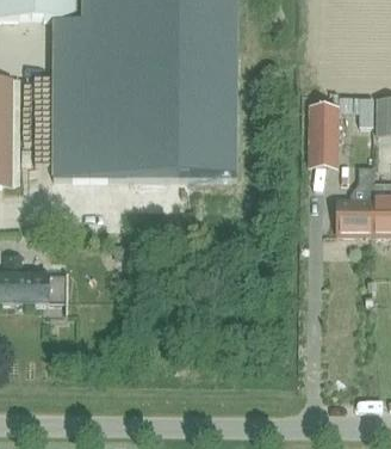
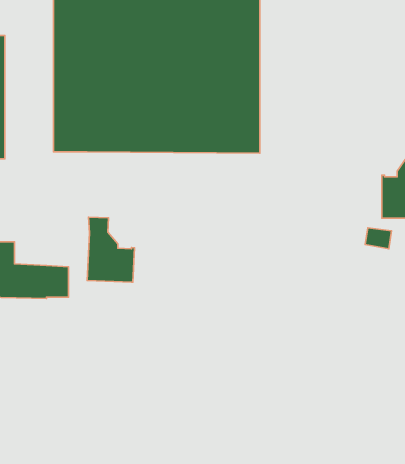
building: [309,105,339,165] -> none
building: none -> [87,217,135,282]

